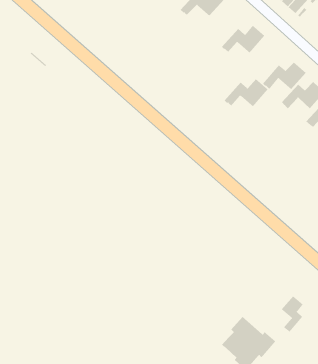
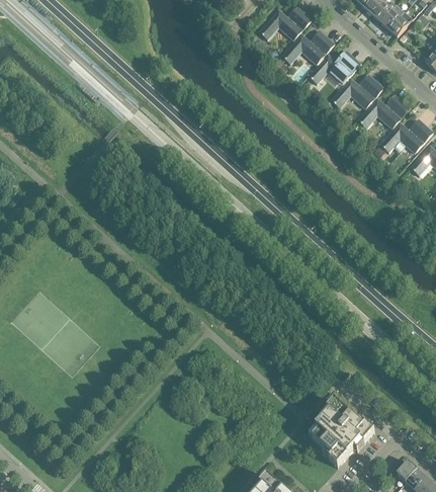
building: none -> [281,30,334,65]
building: [224,79,268,107] -> [330,74,383,108]
building: [281,295,303,332] -> none

